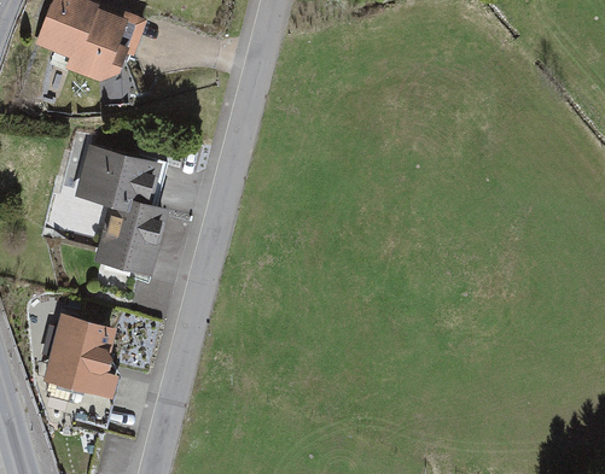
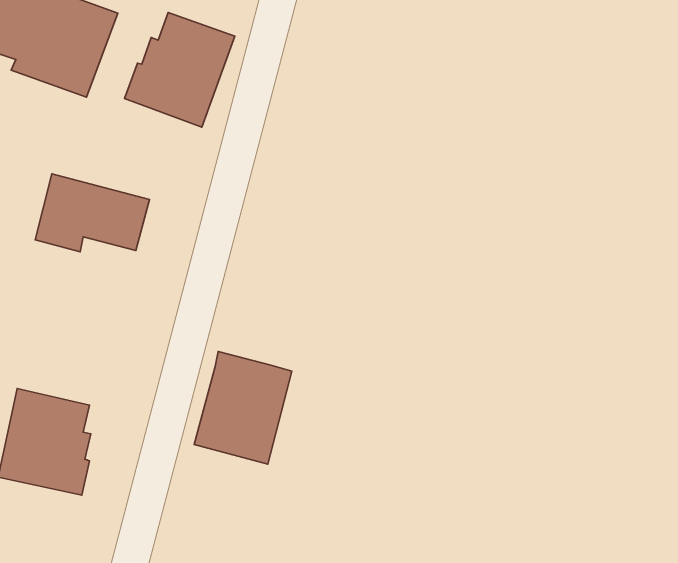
building: none -> [125,13,235,127]
building: [93,194,171,285] -> [194,351,292,464]

